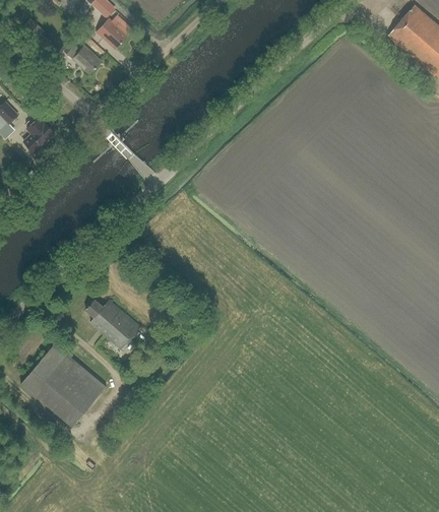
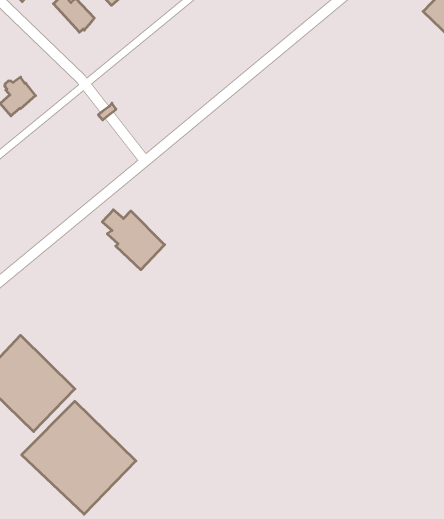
building: [85,299,141,349] -> [102,210,165,270]
building: none -> [22,401,136,514]

